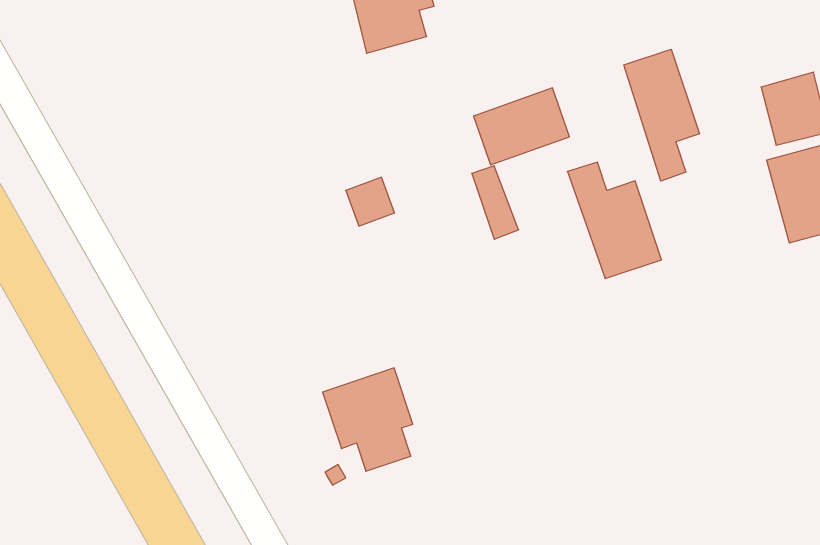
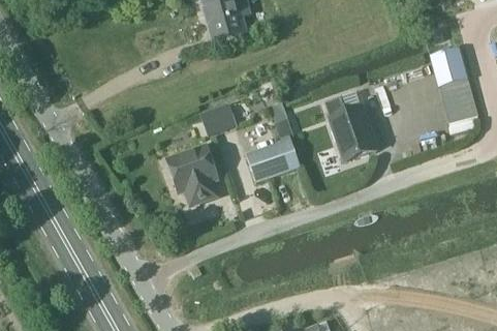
building: [624,49,699,181] -> none
building: [474,88,569,165] -> [246,140,299,182]
building: [323,368,413,471] -> [167,145,217,202]

